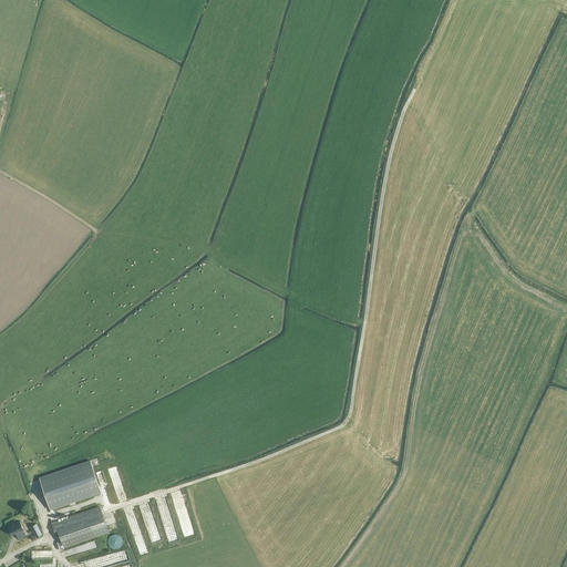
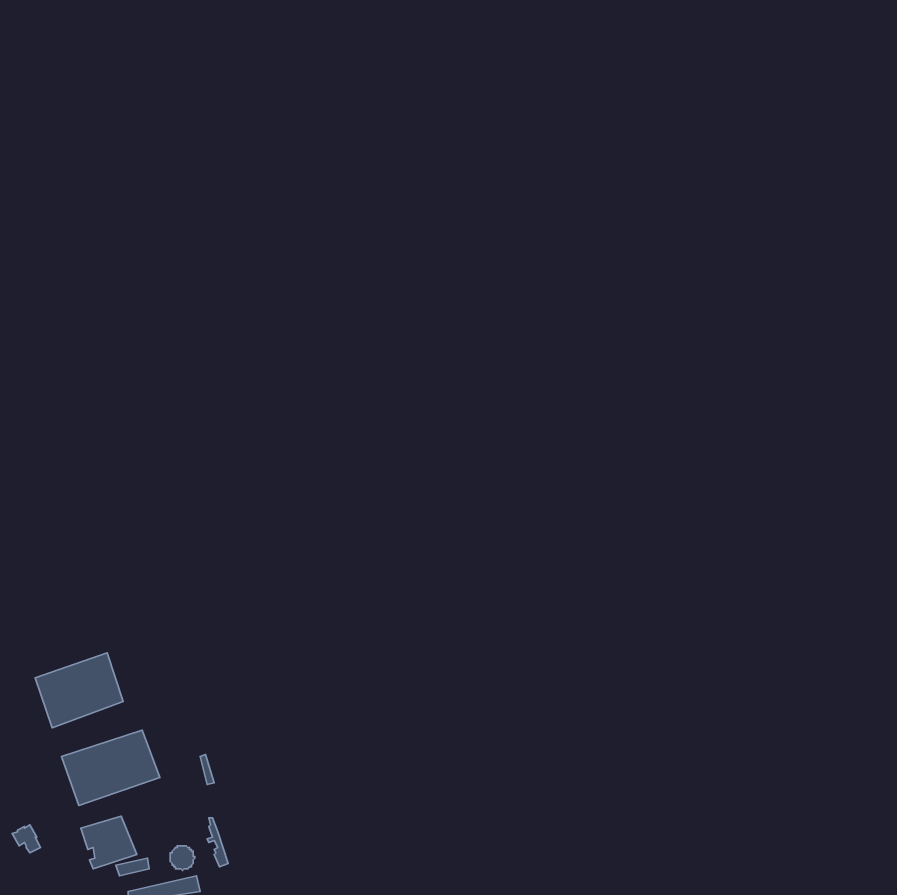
building: none -> [35,653,123,728]
building: [76,508,107,540] -> none

